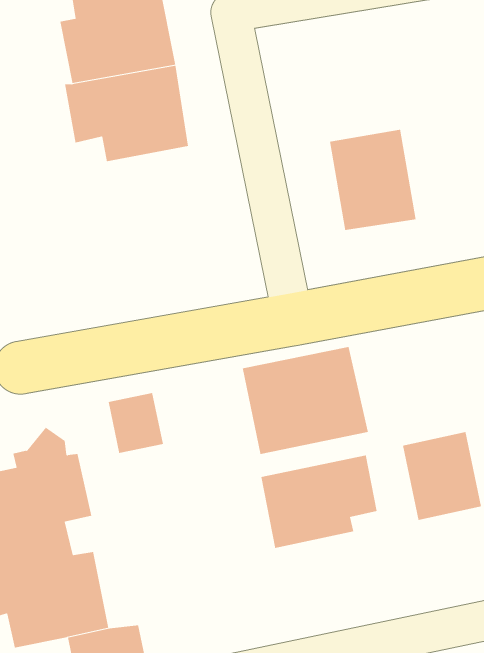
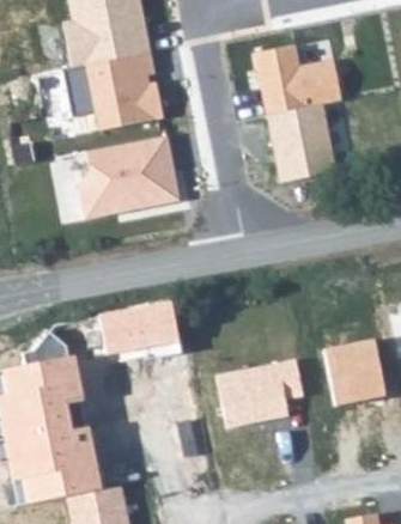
building: none -> [257,47,344,115]
building: none -> [78,134,181,219]
building: [242,346,368,455] -> none
building: none -> [133,300,178,347]

